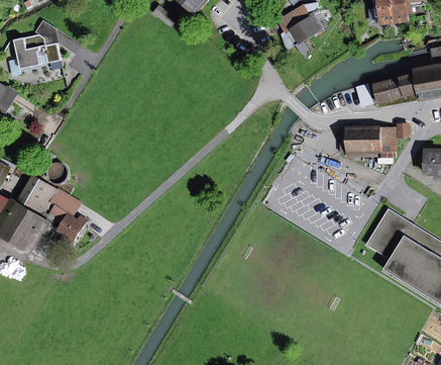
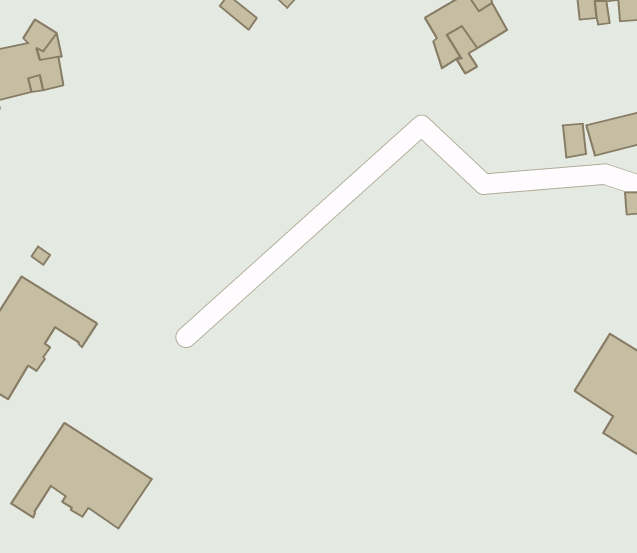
building: [345,126,396,152] -> none
building: [47,205,86,240] -> none
building: none -> [11,423,152,529]

